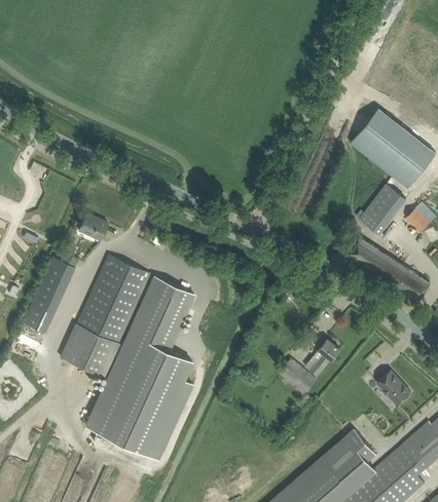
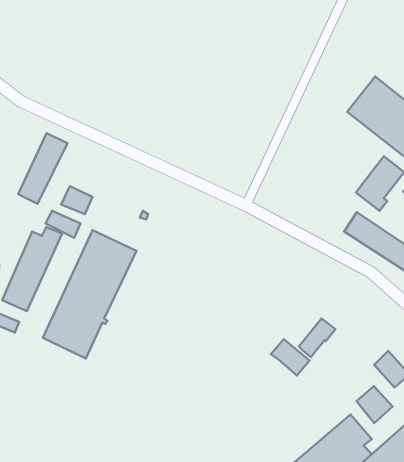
building: none -> [18,133,67,204]
building: none -> [46,211,81,238]
building: [86,277,193,460] -> none
building: none -> [356,386,393,423]

